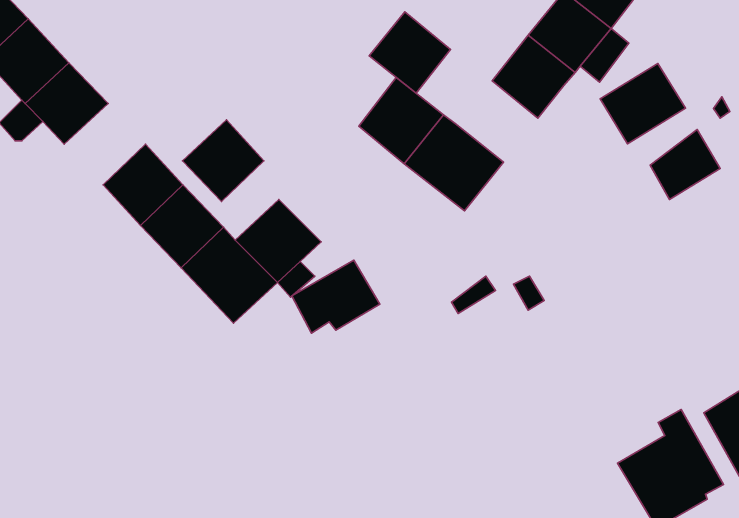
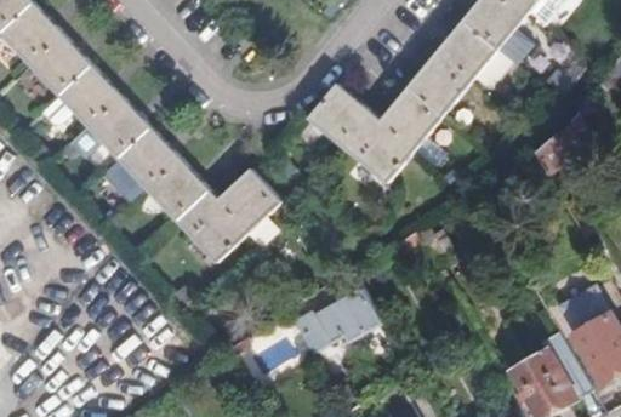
building: [369,12,450,93] -> [386,86,446,147]
building: [600,63,685,144] -> none
building: [183,120,264,201] -> [93,103,154,164]
building: [292,260,380,333] -> [312,289,377,343]

